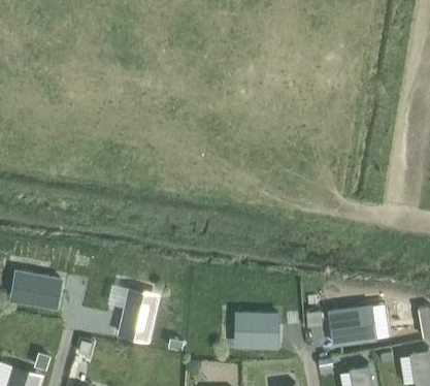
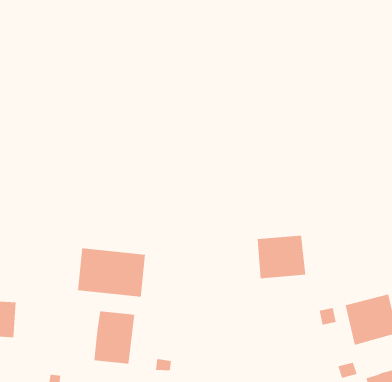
building: none -> [77,248,145,298]
building: [239,313,277,347] -> [257,235,306,279]

